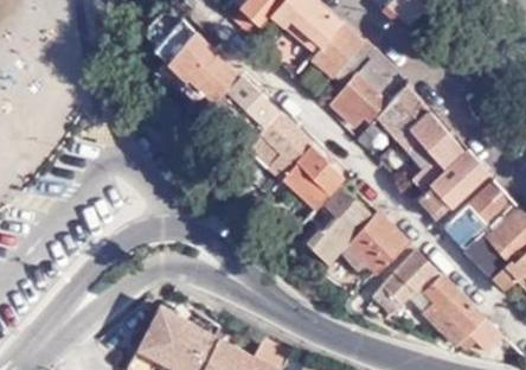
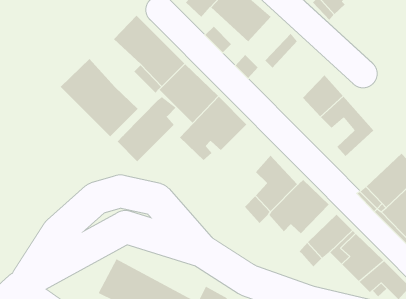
building: [309,21,363,75] -> none
building: [332,53,393,123] -> none
building: none -> [60,58,139,137]
building: none -> [117,96,176,162]
building: [281,147,344,210] -> none
building: [413,151,485,218] -> none

